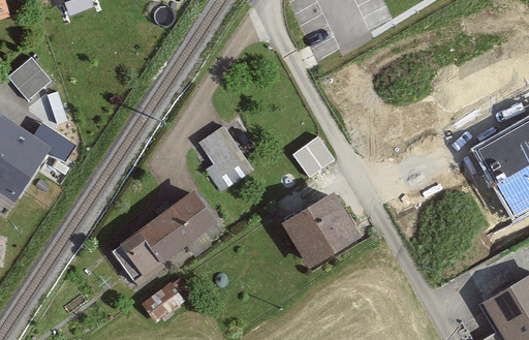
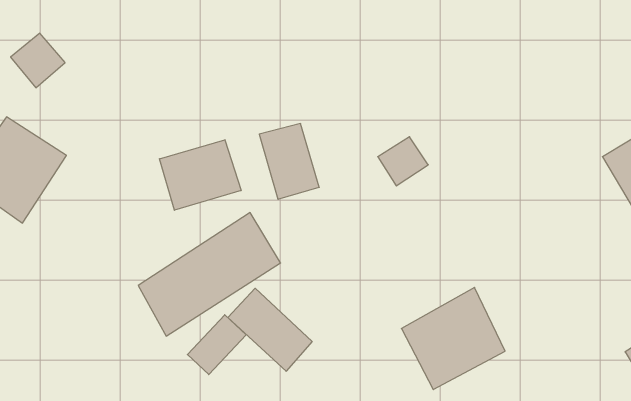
building: none -> [159,140,241,210]
building: [284,190,365,270] -> [401,287,505,390]
building: none -> [228,288,312,371]

